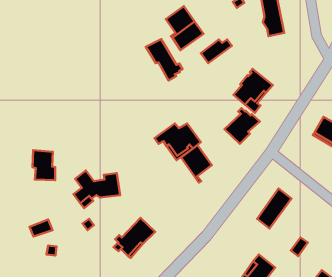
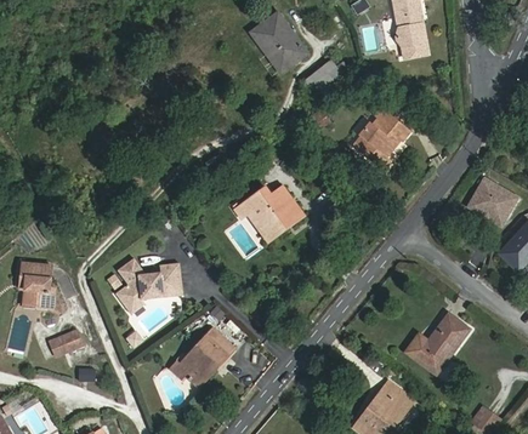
building: [146,39,183,80] -> none
building: [225,108,260,144] -> none
building: [181,145,212,182] -> none
building: [32,150,55,180] -> [17,263,51,308]
building: [257,189,292,229] -> [418,313,469,372]

